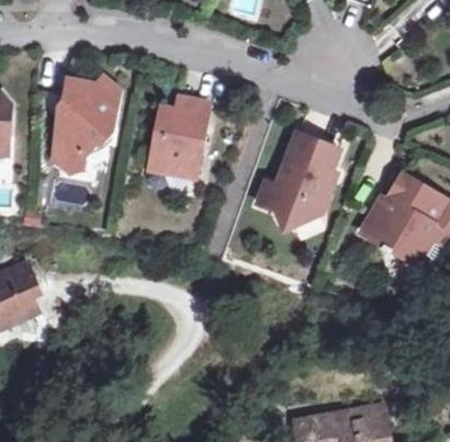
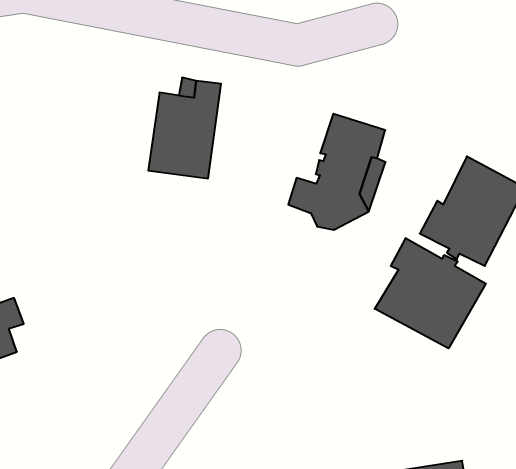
building: [54,77,119,173] -> none
building: none -> [375,238,486,348]

